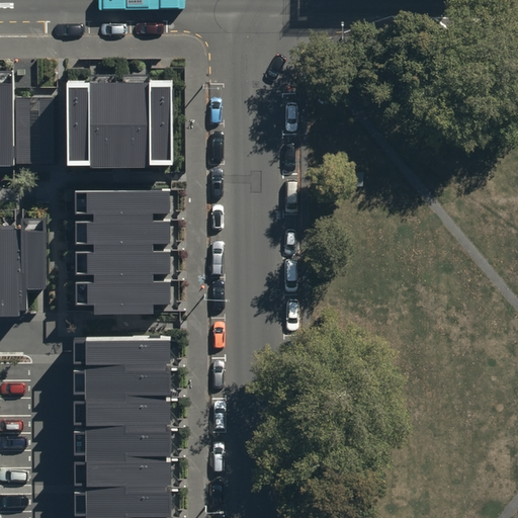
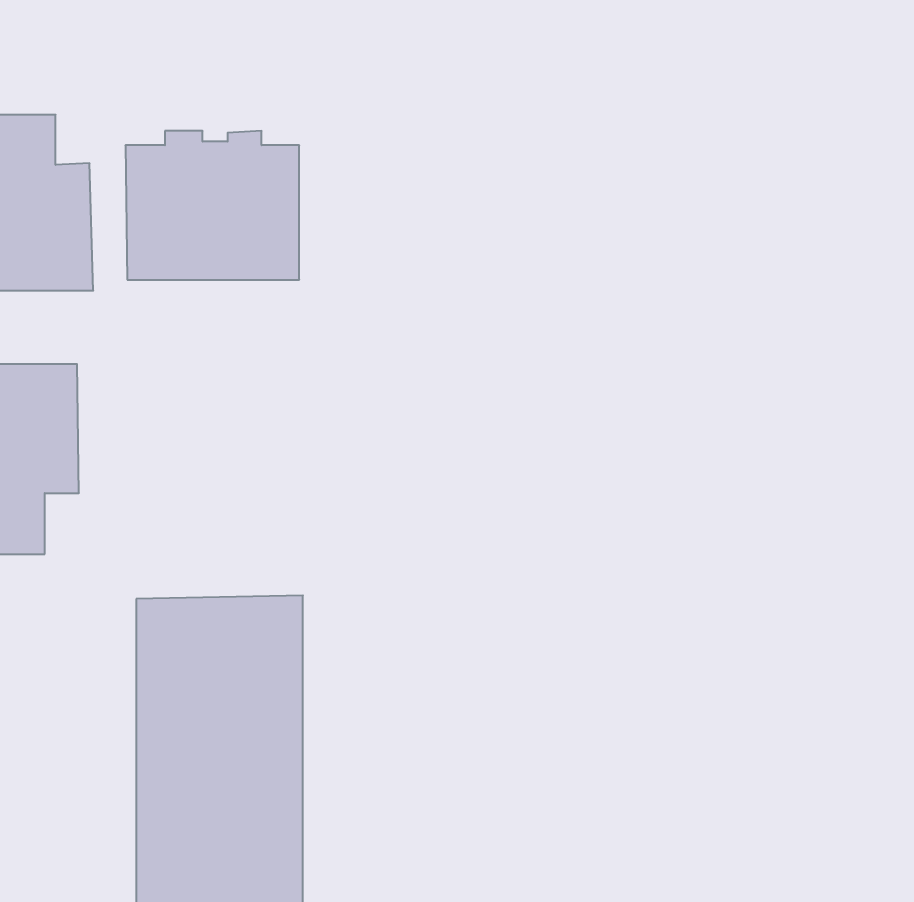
building: [73,188,168,312] -> none

